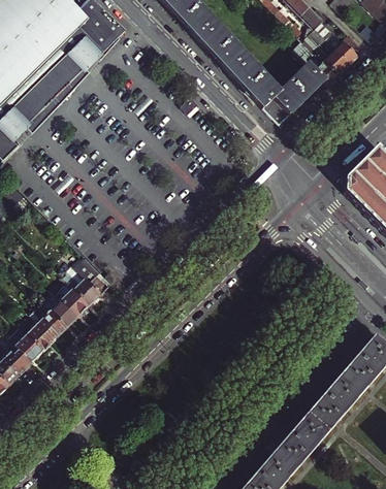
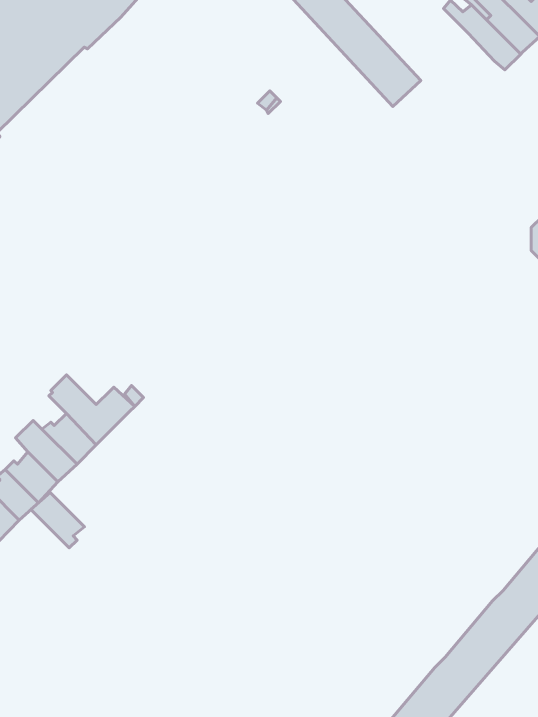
building: [264,62,324,117] -> none
building: none -> [31,492,84,548]

